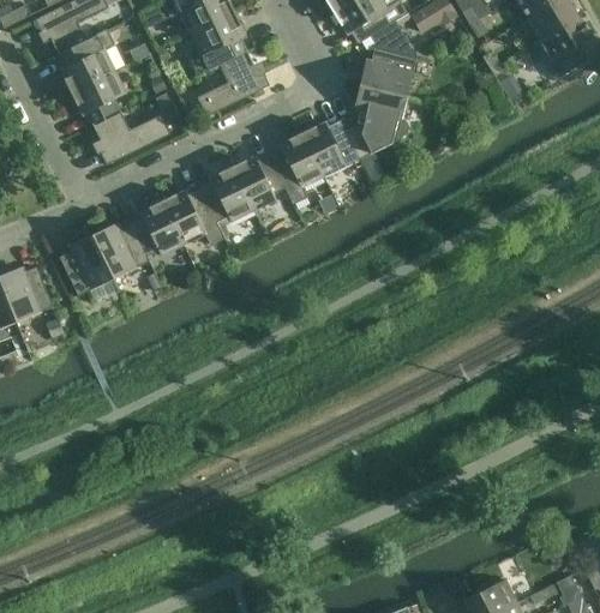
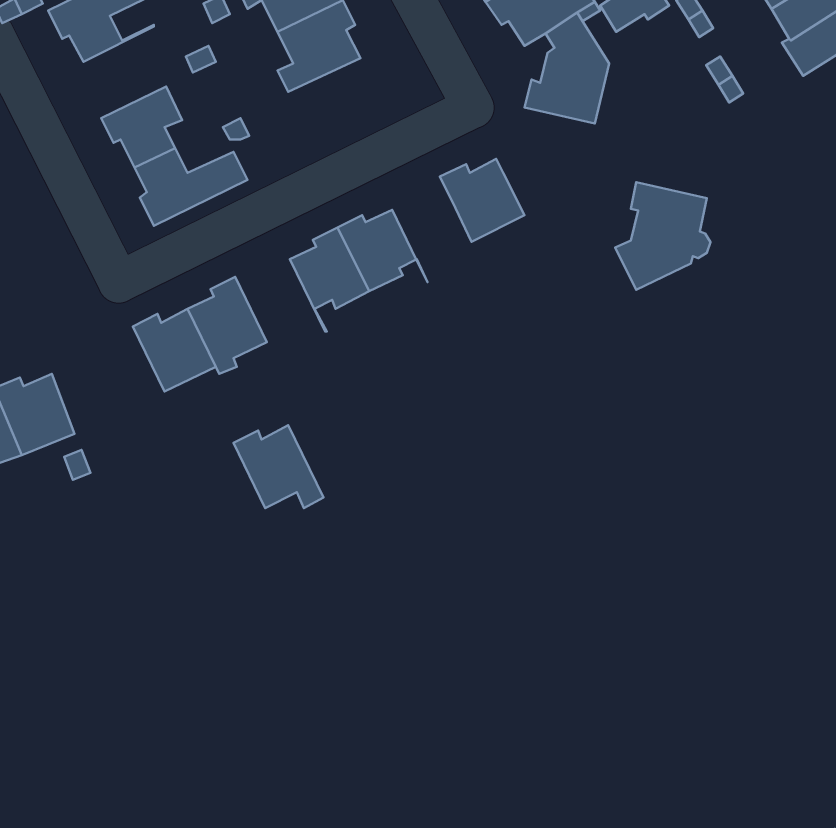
building: [59,29,115,91] -> none
building: [197,50,270,115] -> none
building: [344,84,409,157] -> [615,182,710,290]
building: [269,131,323,203] -> none
building: [162,187,223,244] -> [233,425,323,508]
building: [59,233,114,295] -> none

